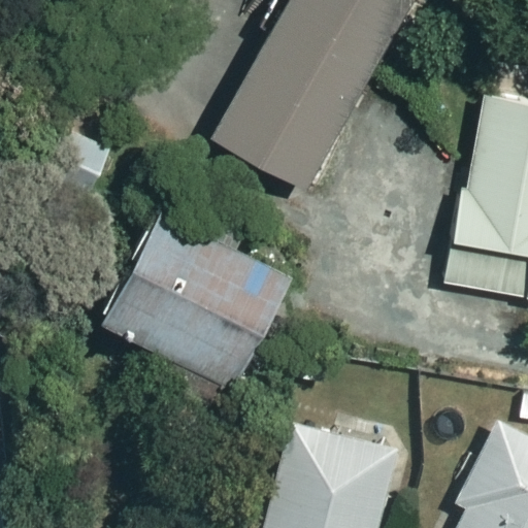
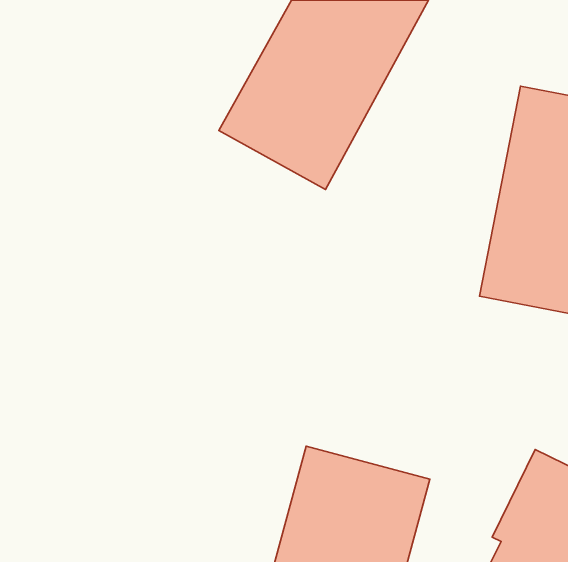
building: [92,207,292,390] -> none

